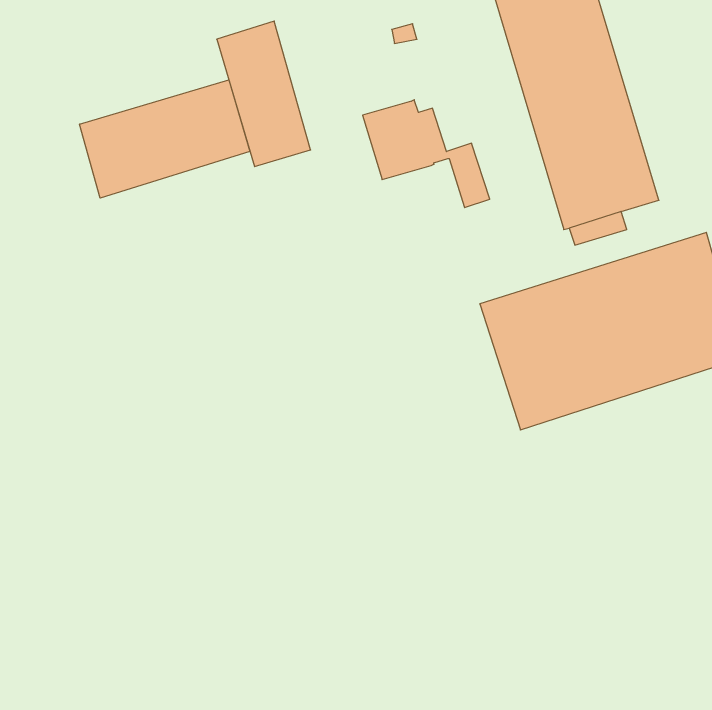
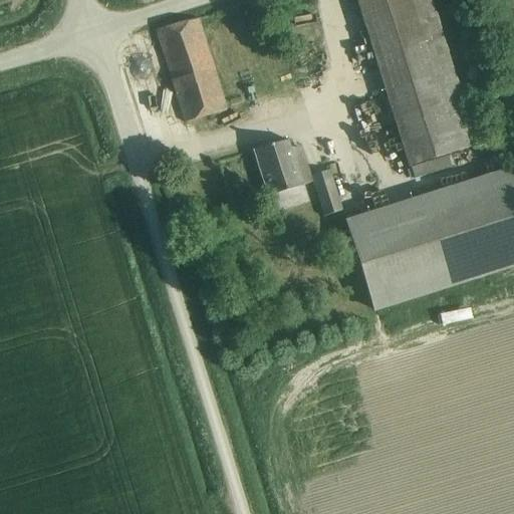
building: [80,80,250,198] -> none
building: [363,100,490,208] -> [252,137,343,214]

